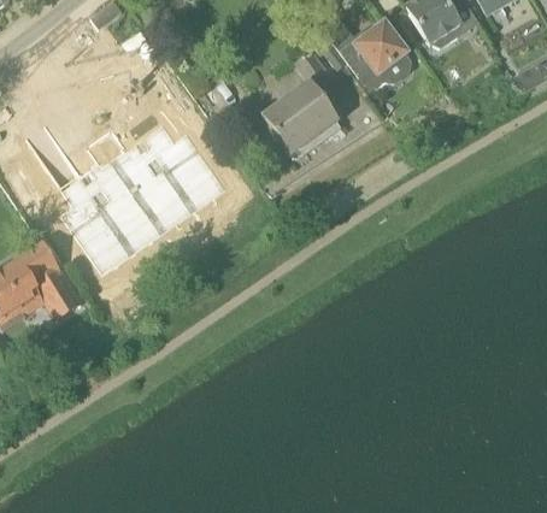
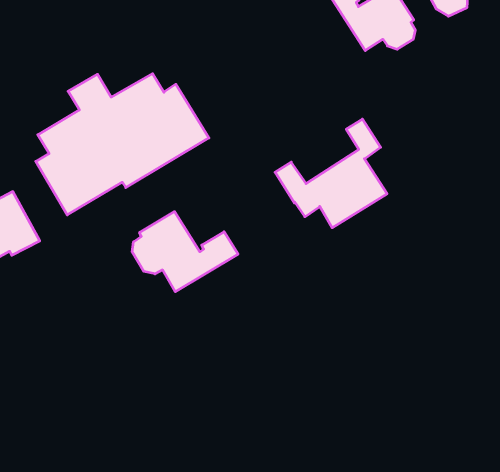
building: [234,54,341,159] -> [275,119,387,228]
building: none -> [132,212,238,292]

